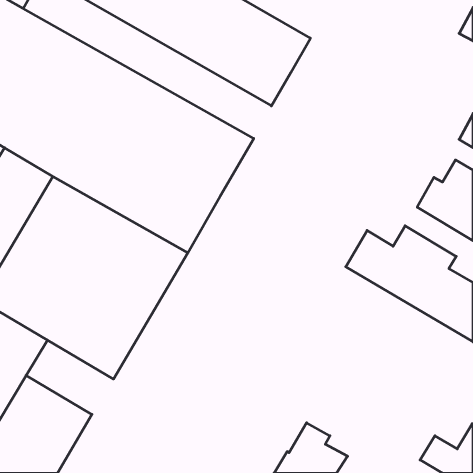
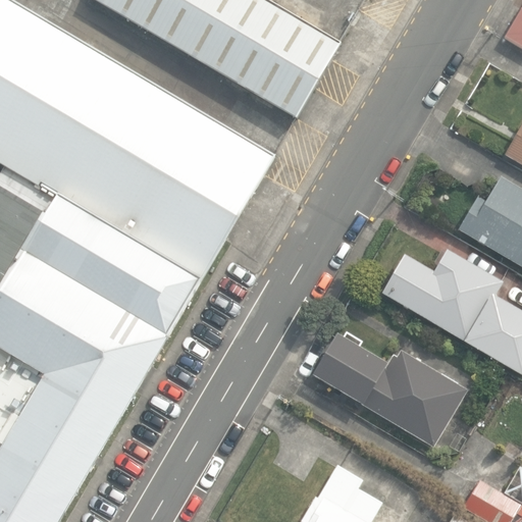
building: none -> [315,336,465,445]
building: none -> [29,373,124,455]

